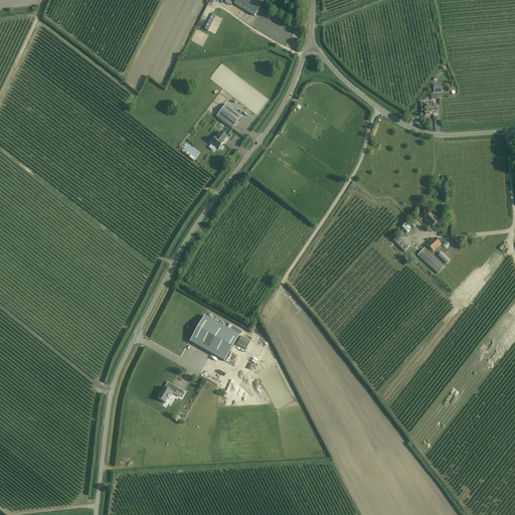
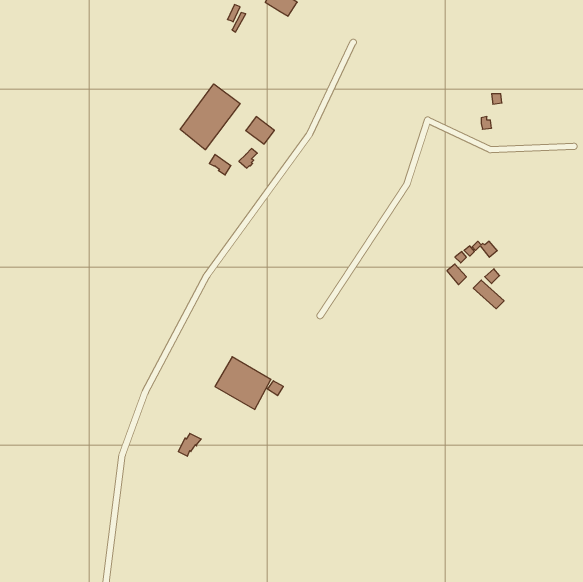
building: none -> [180,84,240,150]

